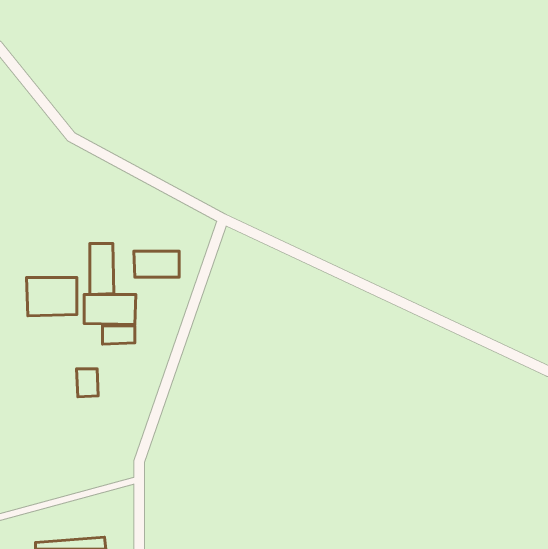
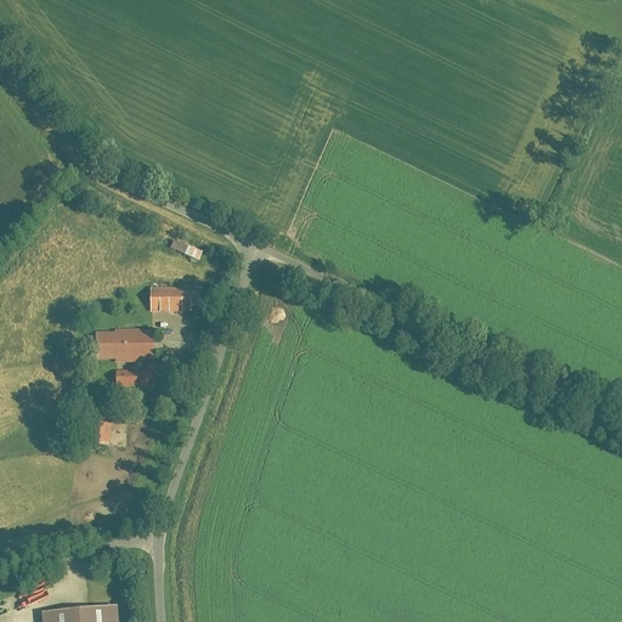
building: [90,243,114,294] -> none
building: [27,278,77,316] -> none

